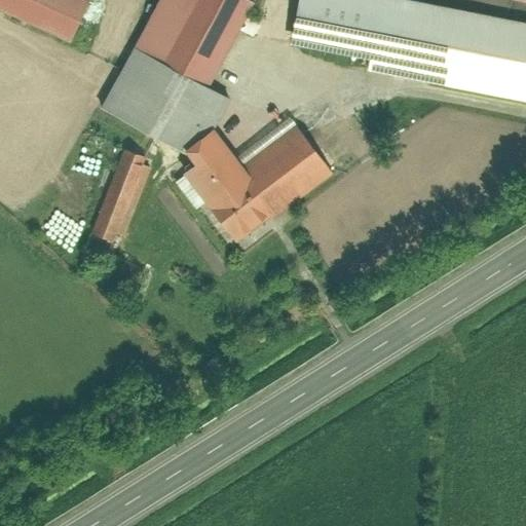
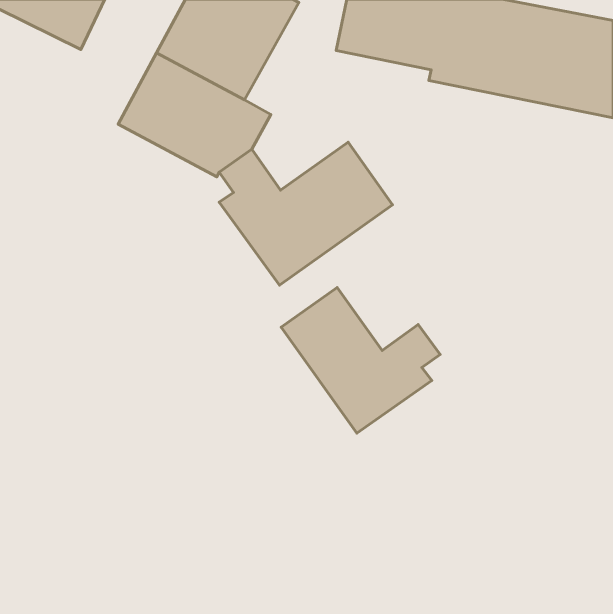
building: [88,148,151,241] -> none
building: none -> [281,287,440,433]

